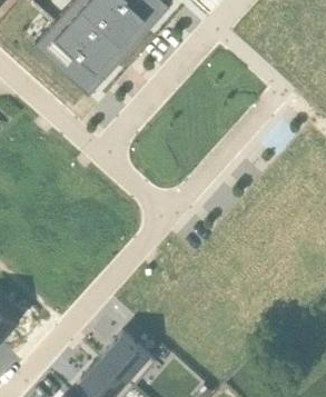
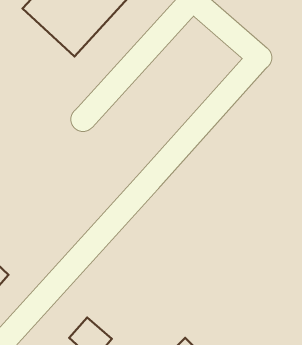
building: [101,343,146,386] -> none

